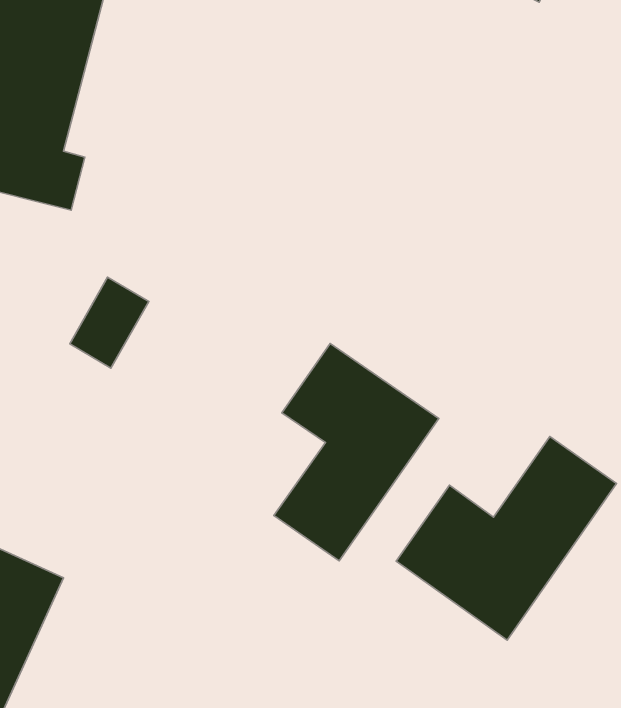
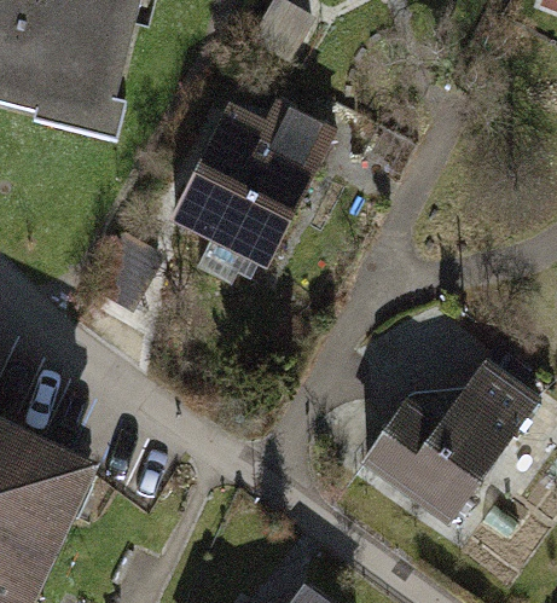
building: none -> [170,100,340,266]
building: [274,344,439,561] -> none

